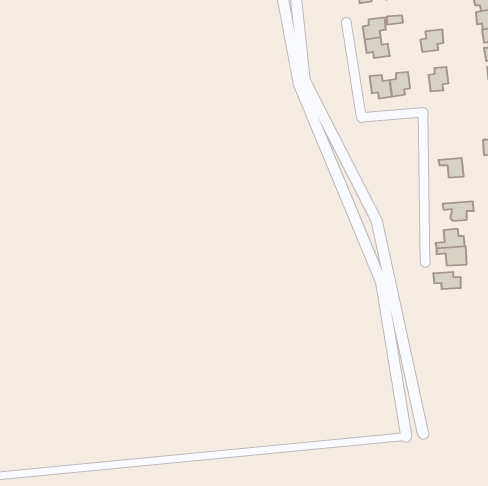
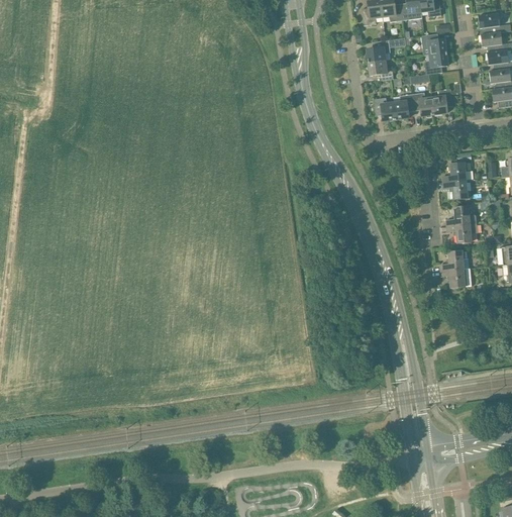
building: none -> [422,33,447,55]
building: none -> [413,92,435,115]
building: none -> [443,162,472,182]
building: none -> [447,205,478,225]
building: [433,272,461,289] -> none

